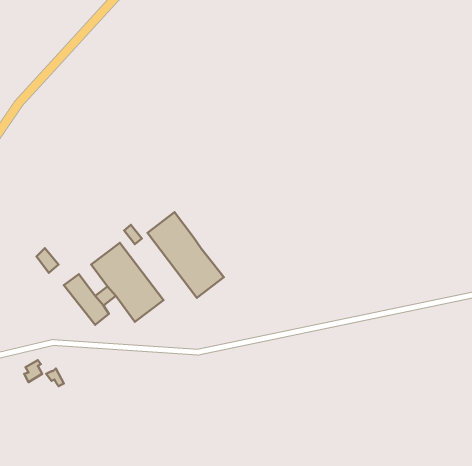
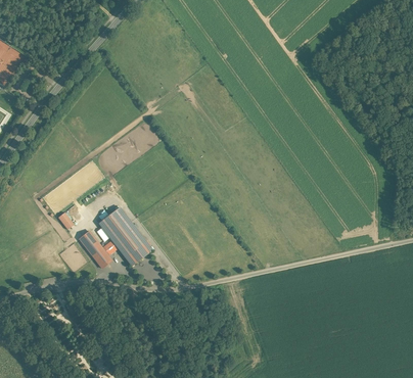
building: [148,212,224,298] -> none

